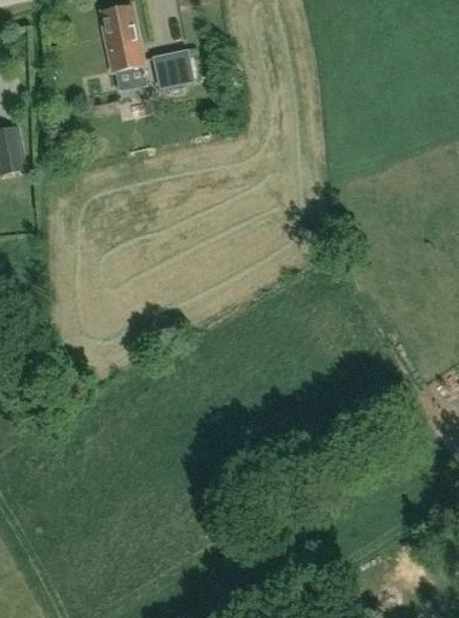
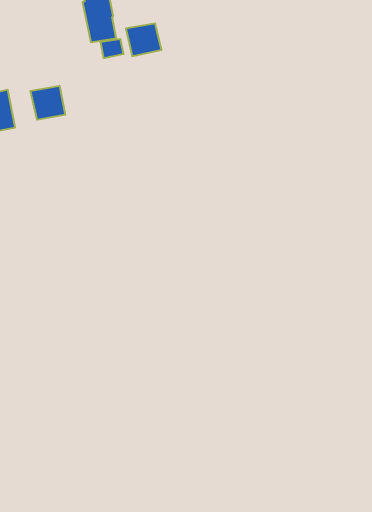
building: none -> [30,86,65,120]

